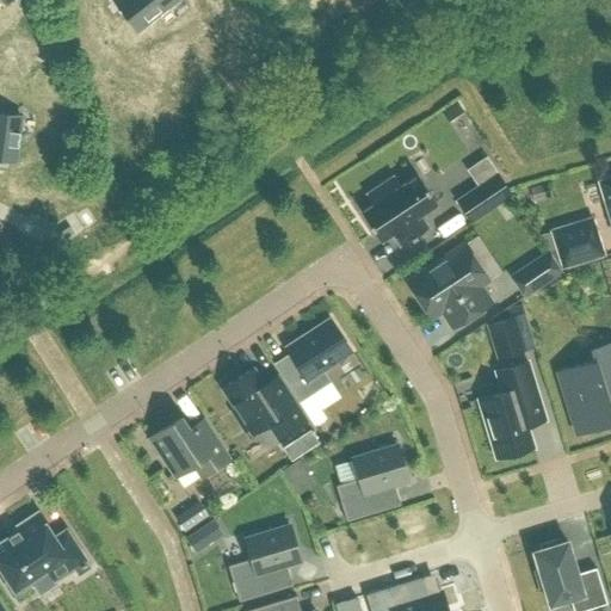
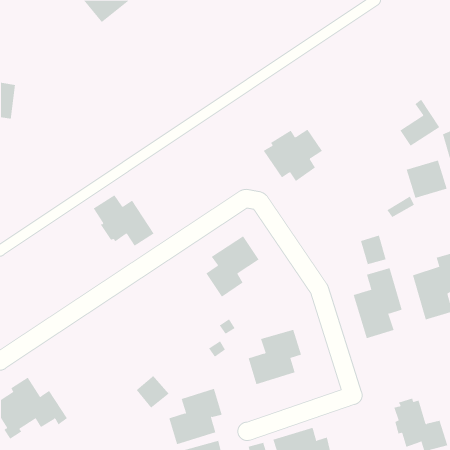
building: [457,158,512,222] -> [400,99,440,147]
building: [409,245,492,328] -> none
building: [223,370,307,440] -> [93,195,154,247]
building: [150,418,229,477] -> none

